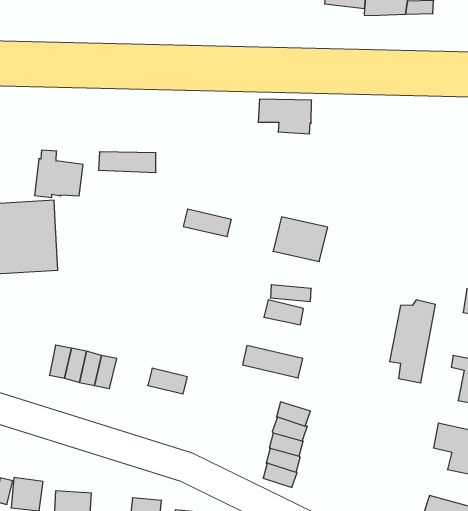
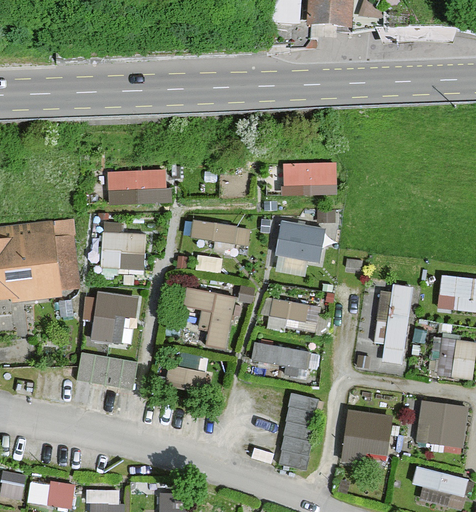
building: [258,99,312,134] -> [284,162,333,193]
building: [34,150,83,198] -> [100,224,143,267]
building: none -> [91,293,134,342]
building: none -> [184,288,232,348]
building: none -> [357,412,409,463]

